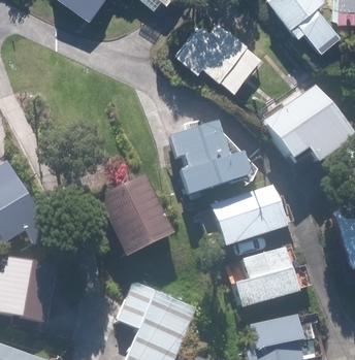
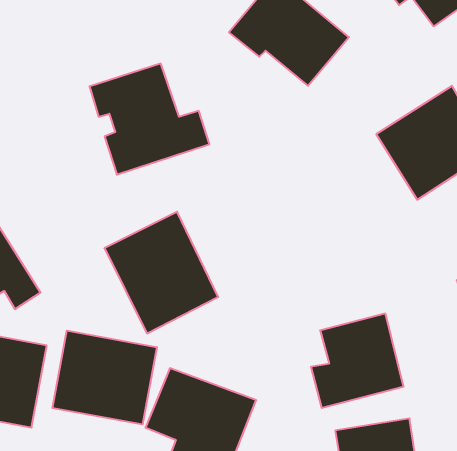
building: [168,121,250,196] -> [89,64,209,175]
building: [212,188,287,252] -> none
building: none -> [52,331,157,424]

